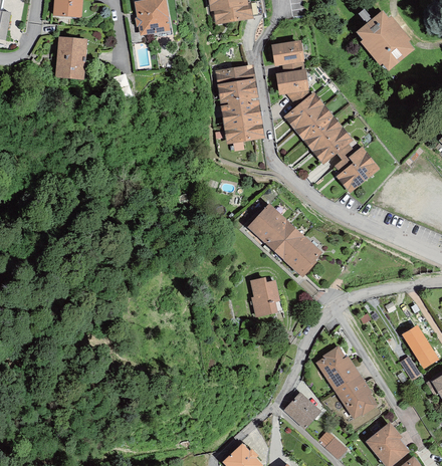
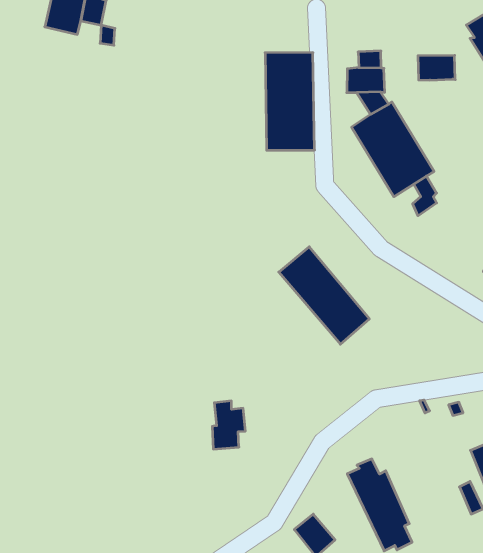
building: [272,42,301,63] -> [418,55,455,80]
building: [339,150,377,190] -> none
building: [253,279,278,315] -> [212,401,245,449]

